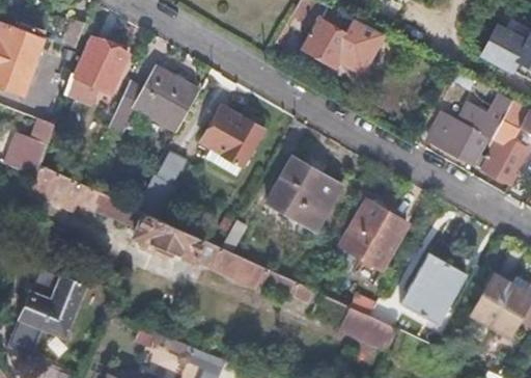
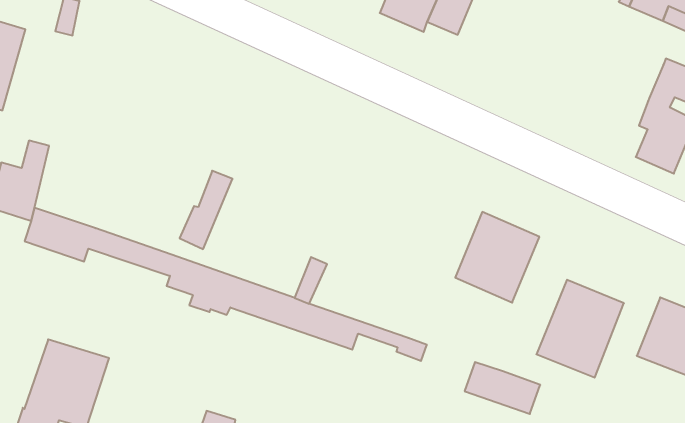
building: [64,37,128,97] -> none
building: [110,66,198,136] -> none
building: [430,98,510,162] -> none
building: [203,106,263,163] -> none
building: [266,160,341,234] -> none

